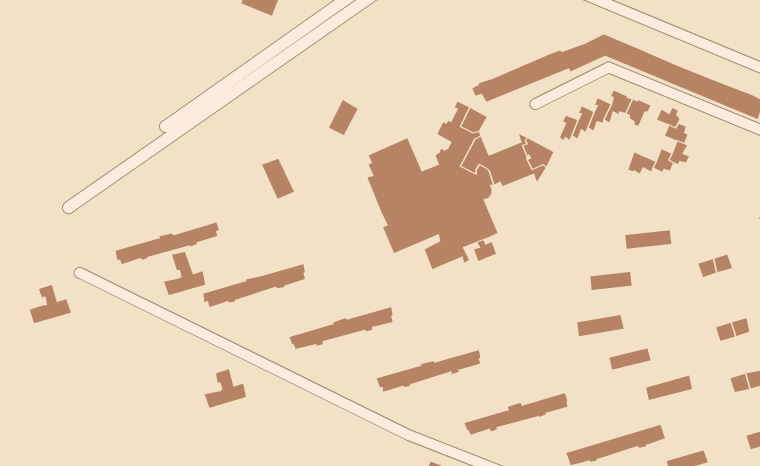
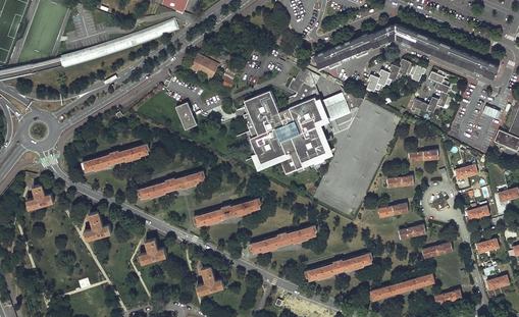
building: none -> [187,53,220,78]
building: [163,251,206,296] -> [84,212,111,241]
building: none -> [197,266,224,296]

